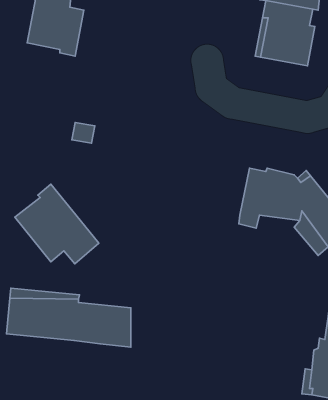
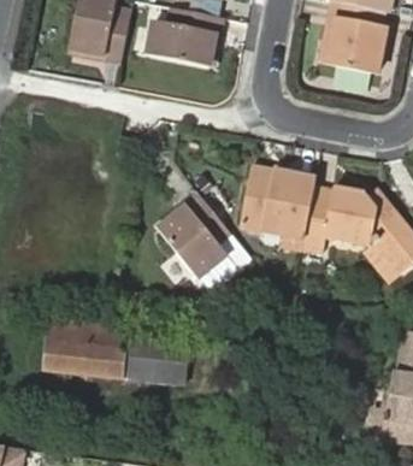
building: none -> [149,7,224,67]
building: none -> [240,166,317,238]
building: [15,184,99,264] -> [159,193,252,281]

